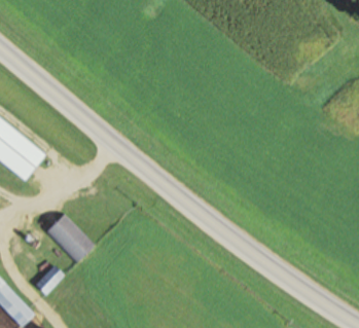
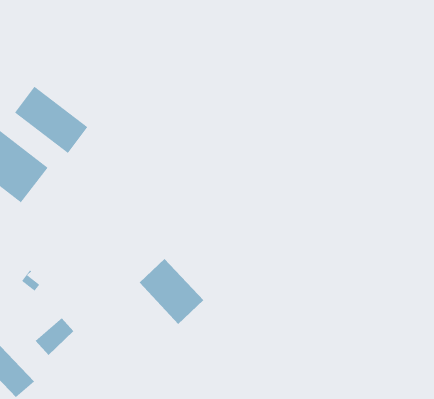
building: none -> [14,86,88,154]
building: [46,213,96,263] -> [139,258,204,325]

